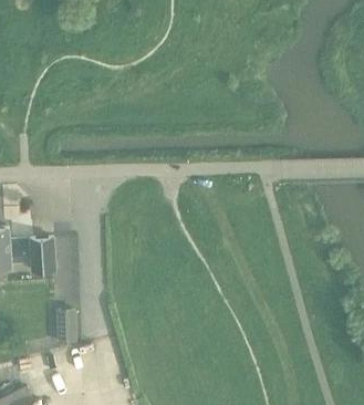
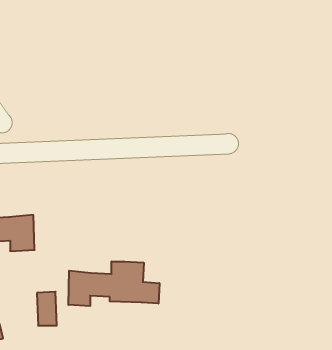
building: none -> [68,261,159,306]

